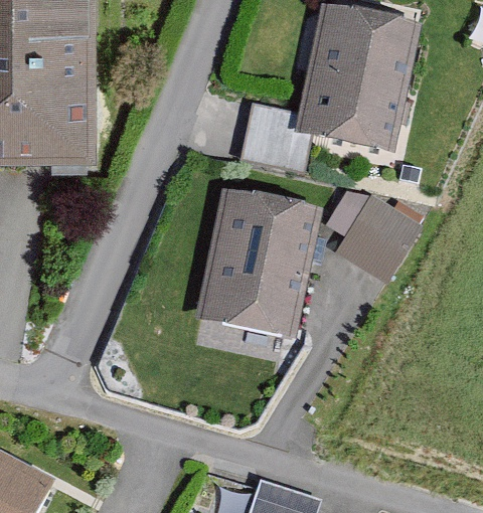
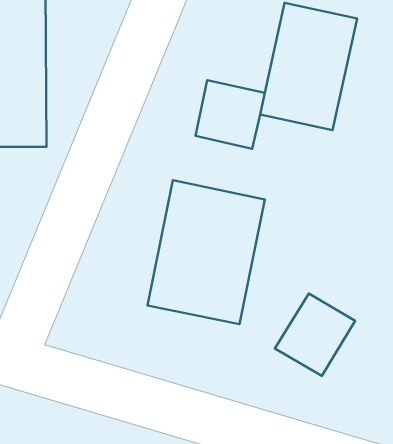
building: [336,193,419,278] -> [275,294,355,376]

